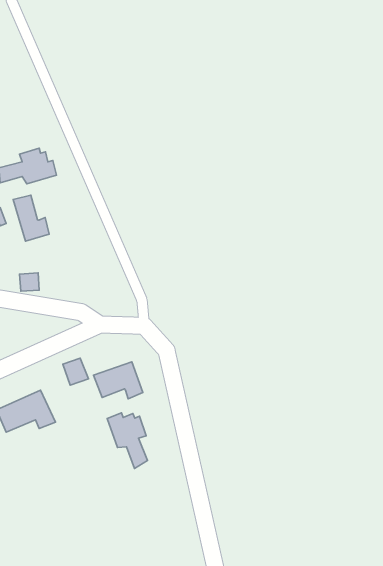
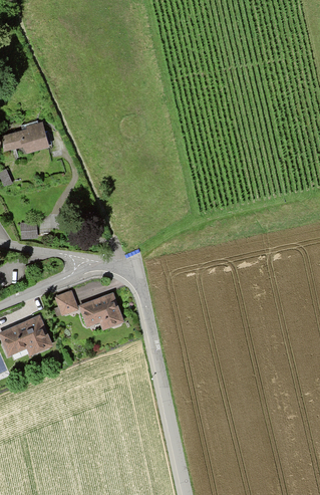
building: [13,195,49,241] -> none
building: [107,413,147,468] -> none

